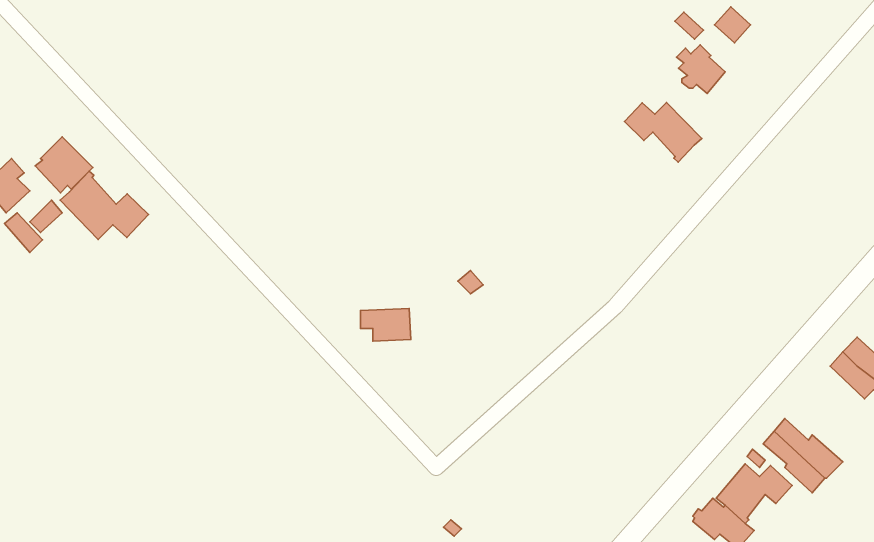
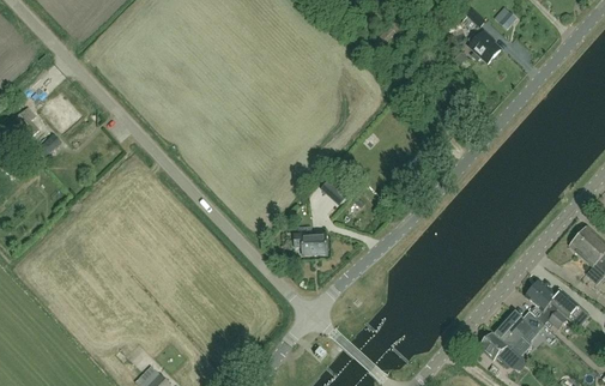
building: [624,102,702,162] -> none
building: [60,171,148,239] -> none
building: [360,309,411,341] -> [295,234,328,255]

